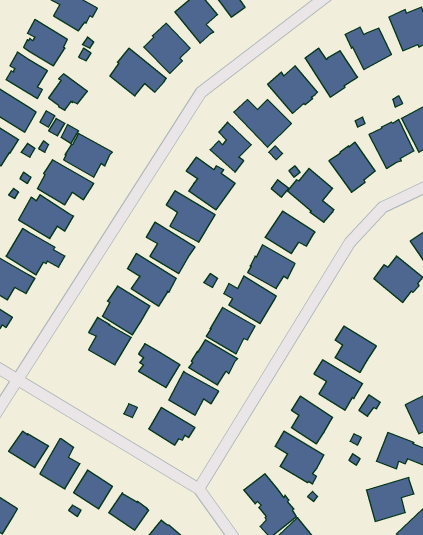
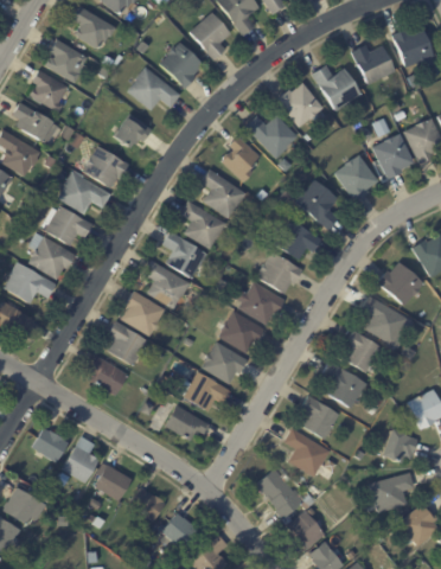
building: [49,74,87,110] -> [115,113,152,147]
building: none -> [363,295,408,345]
building: [139,344,180,388] -> [90,354,129,396]

